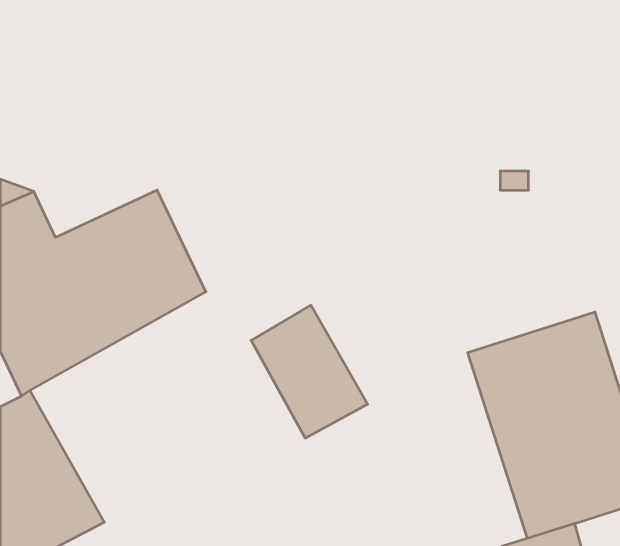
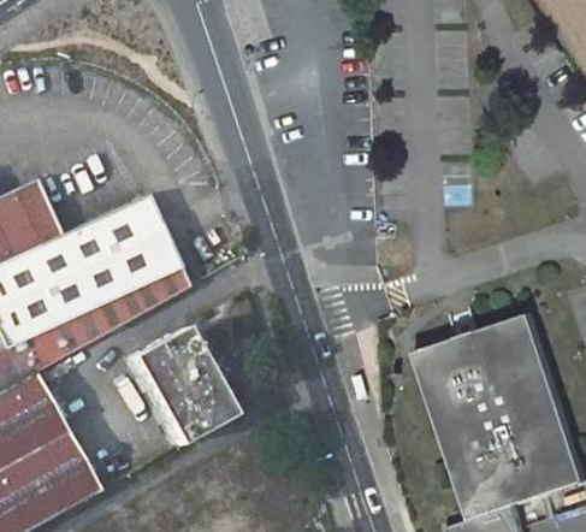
building: [251,305,368,438] -> [123,332,226,450]

